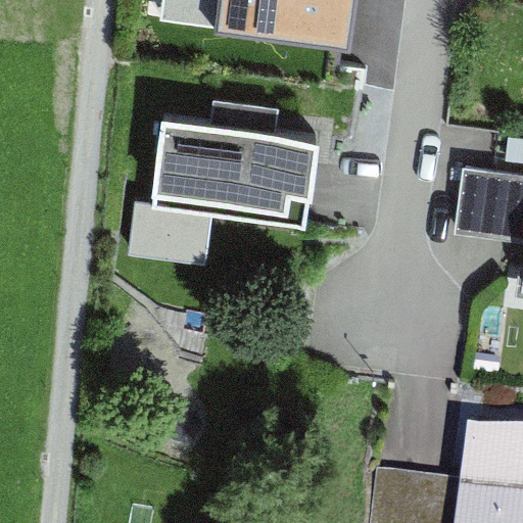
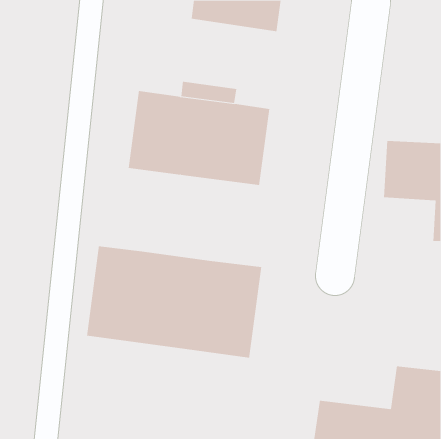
building: [130,199,213,260] -> none
building: none -> [86,245,262,358]

